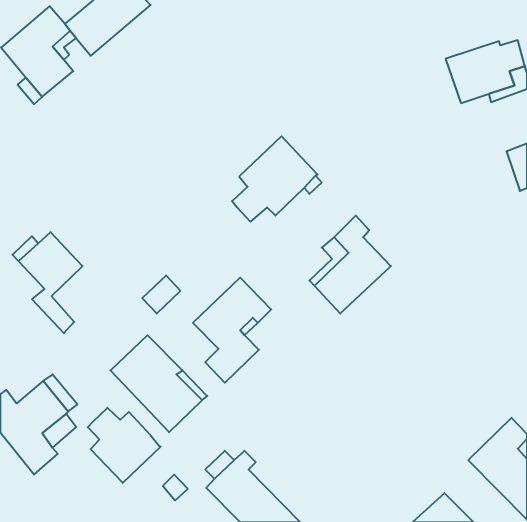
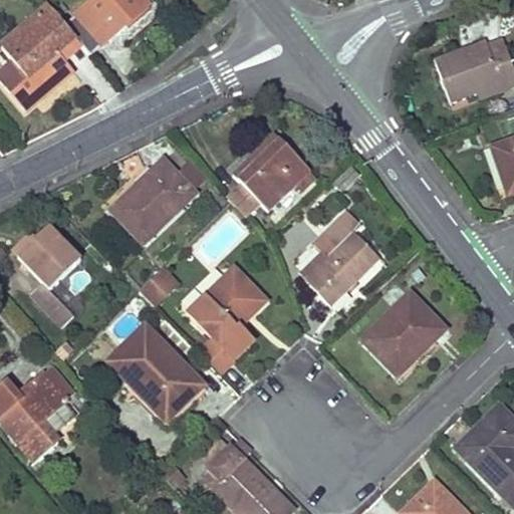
building: none -> [109,159,208,243]
building: none -> [362,291,444,373]
building: [88,408,161,483] -> none

